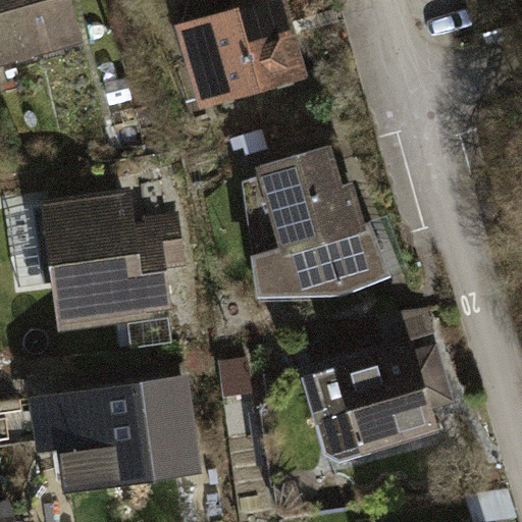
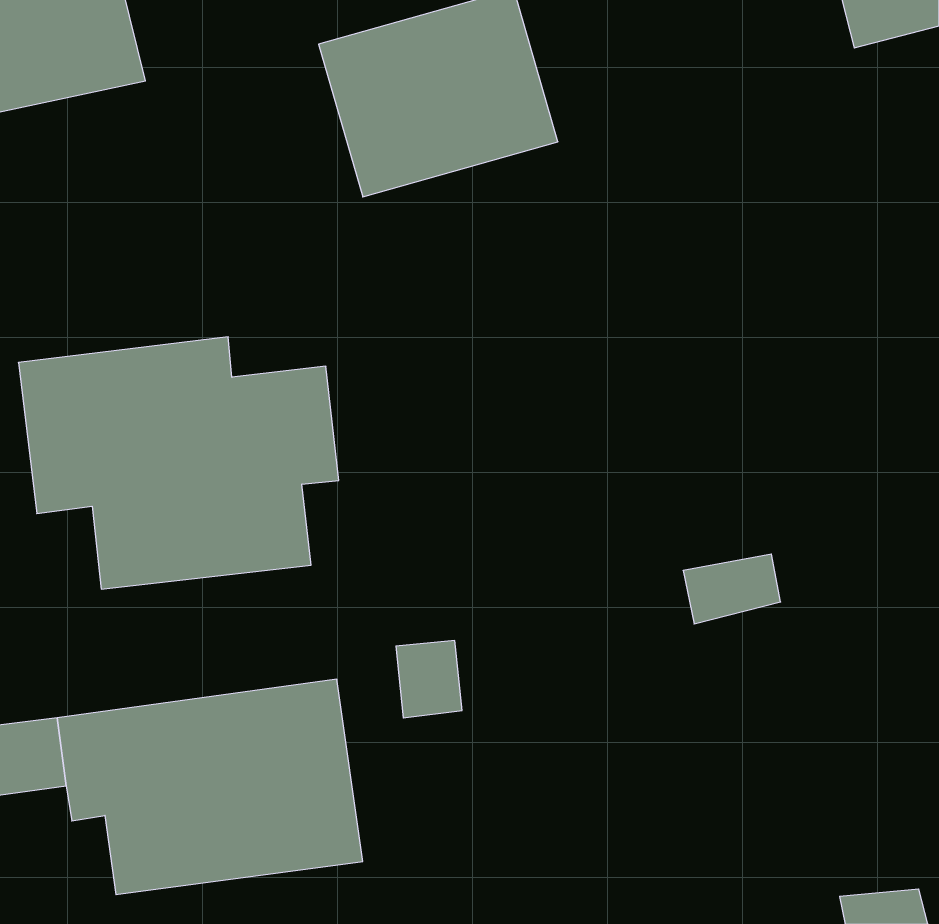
building: [241,143,389,301] -> none
building: [302,342,452,464] -> none

